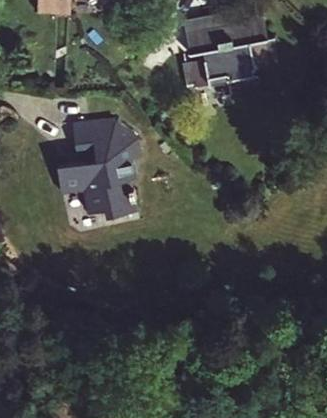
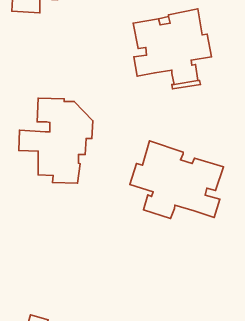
building: none -> [130,141,224,218]

